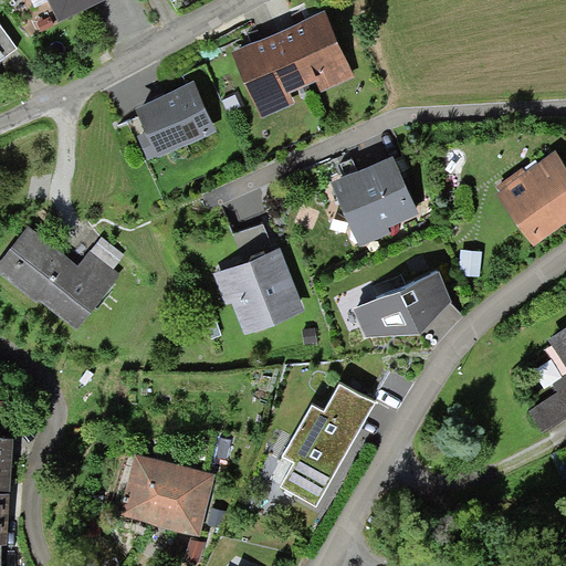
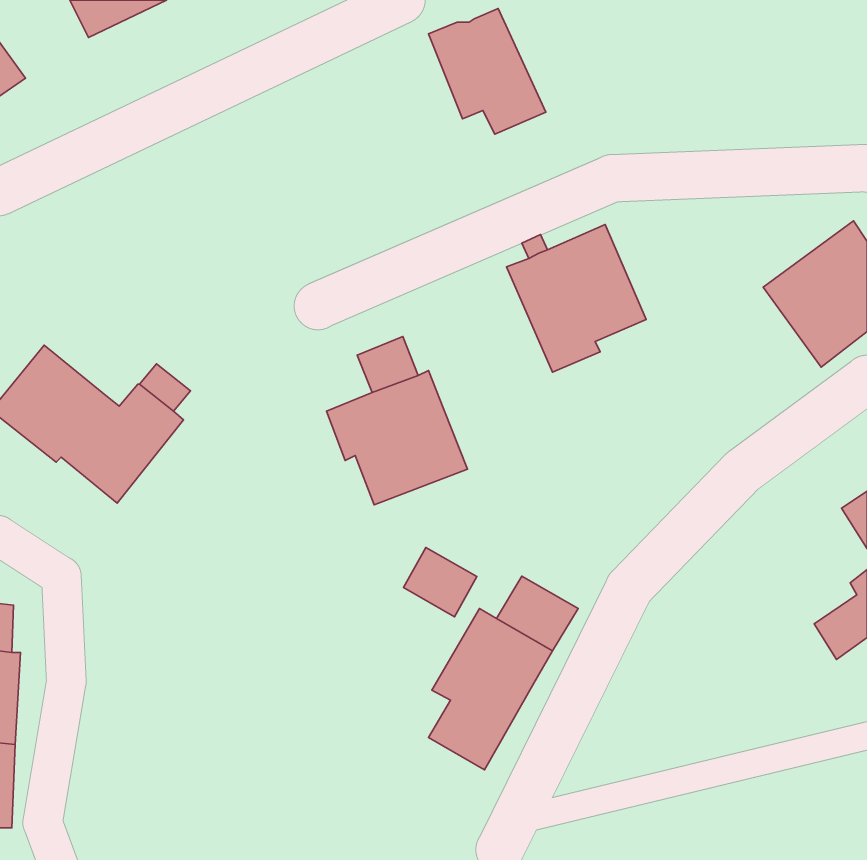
building: [232,28,301,118] -> none
building: [135,80,216,161] -> none
building: [353,265,451,335] -> none
building: none -> [404,547,477,617]
building: [119,453,214,534] -> none

